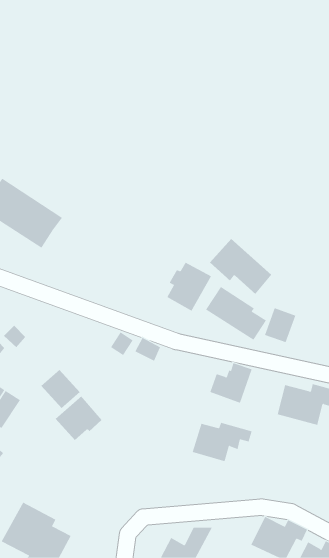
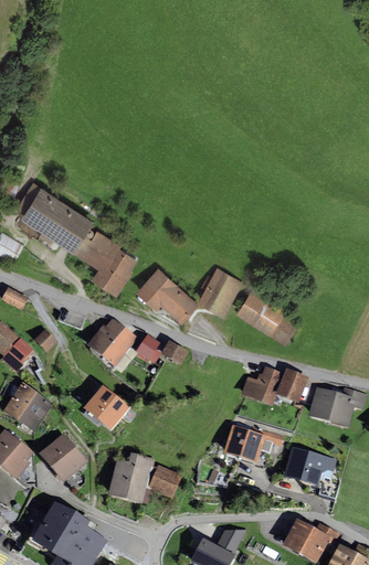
building: none -> [72,228,136,295]
building: [209,238,272,295] -> [134,266,197,322]
building: [264,308,296,343] -> [275,369,307,404]
building: none -> [92,317,139,364]
building: none -> [38,434,86,483]
building: none -> [282,447,337,488]
building: none -> [109,454,179,503]

